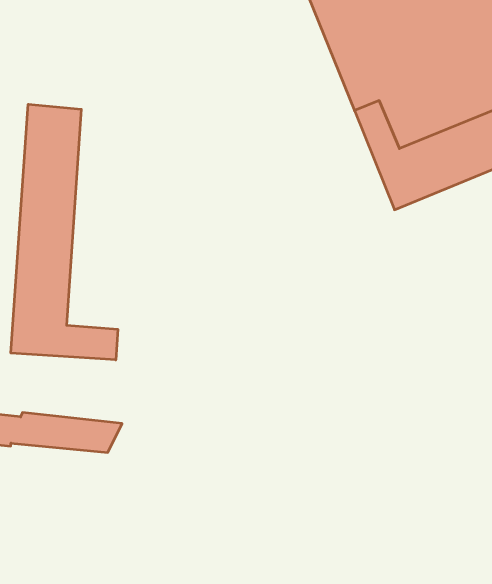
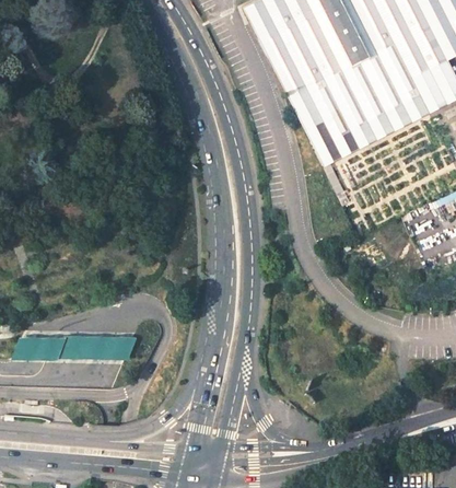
building: [11,104,118,360] -> none

